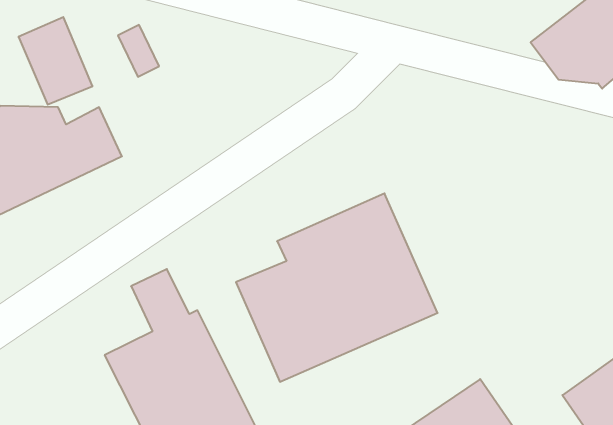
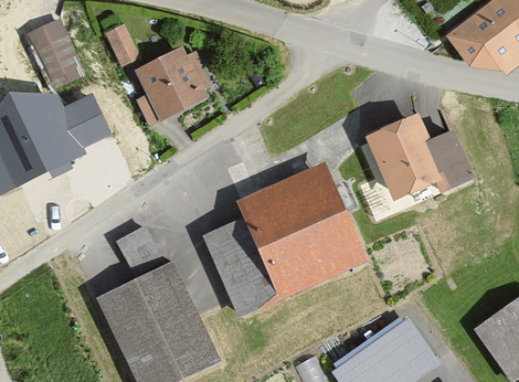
building: none -> [135,46,212,126]
building: none -> [366,117,479,205]

